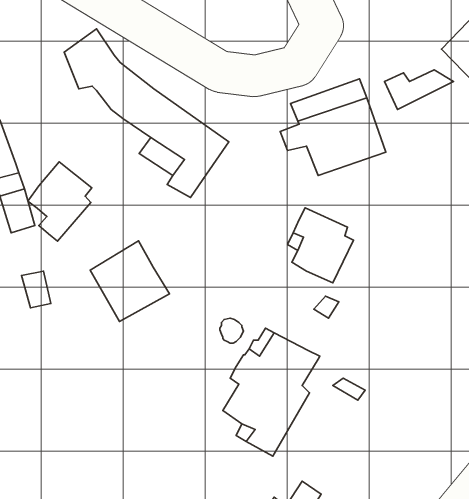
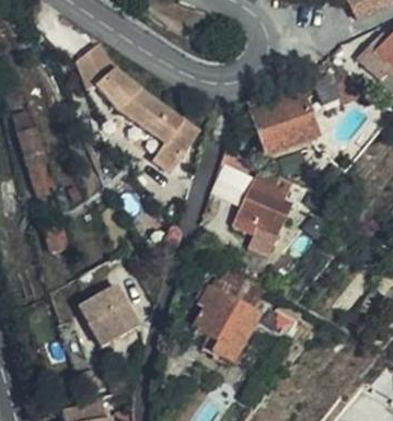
building: [28,162,92,241] -> none
building: [90,241,169,322] -> [79,285,138,346]

